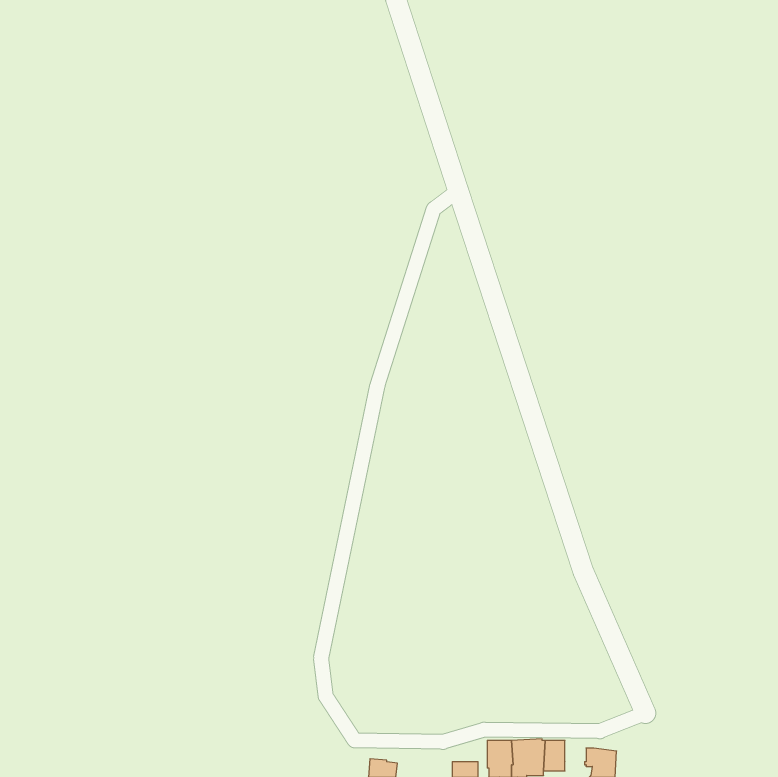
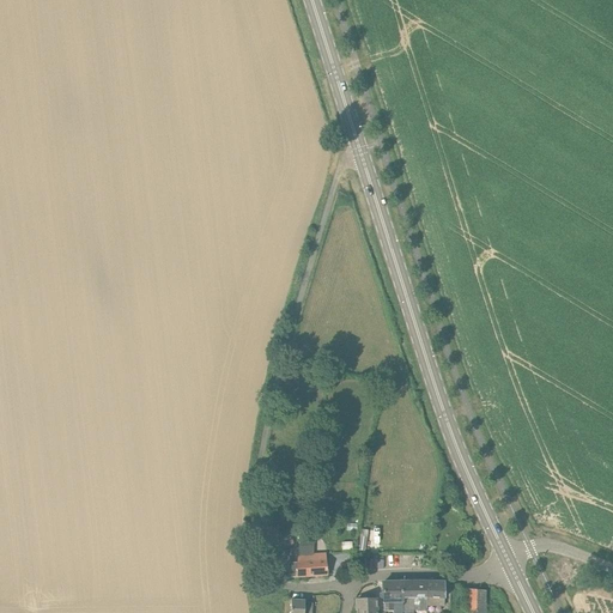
building: none -> [289,534,328,577]

